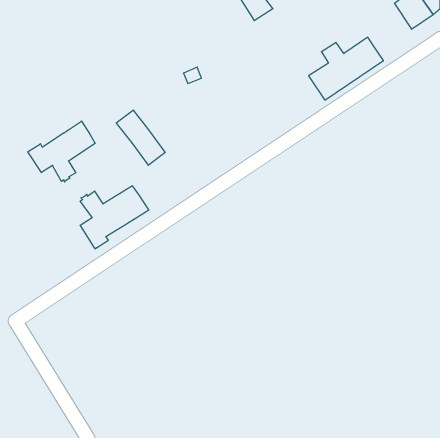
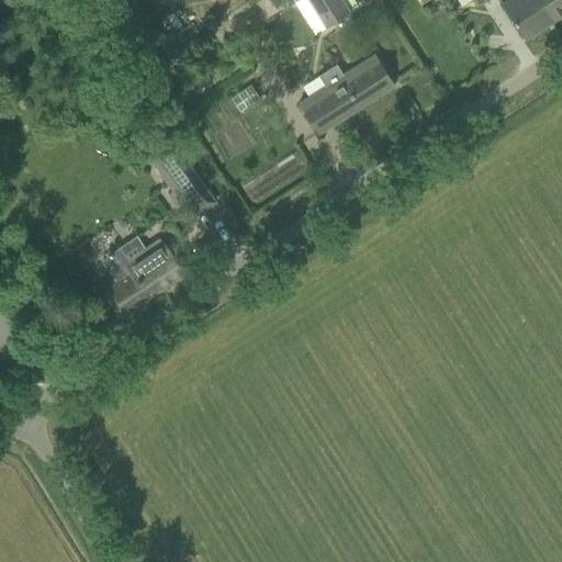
building: [309,37,383,100] -> [299,54,394,134]
building: [28,121,95,182] -> none

